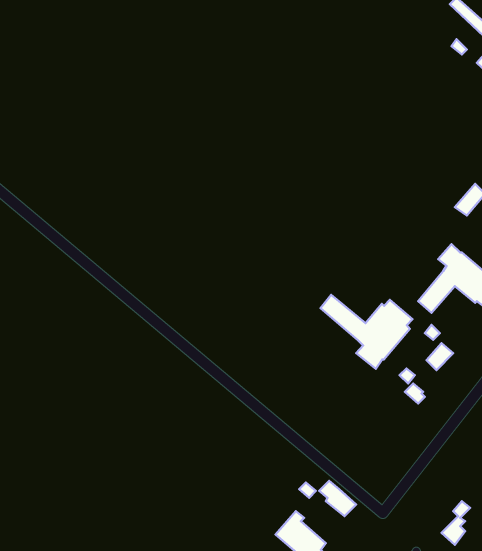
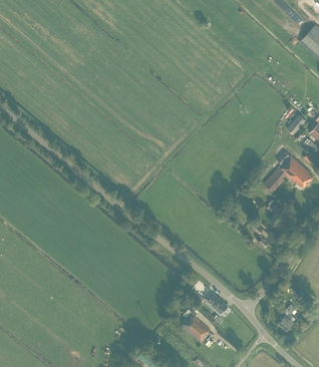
building: [320,295,412,369] -> none

